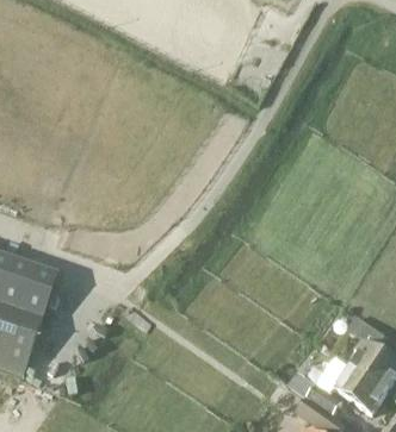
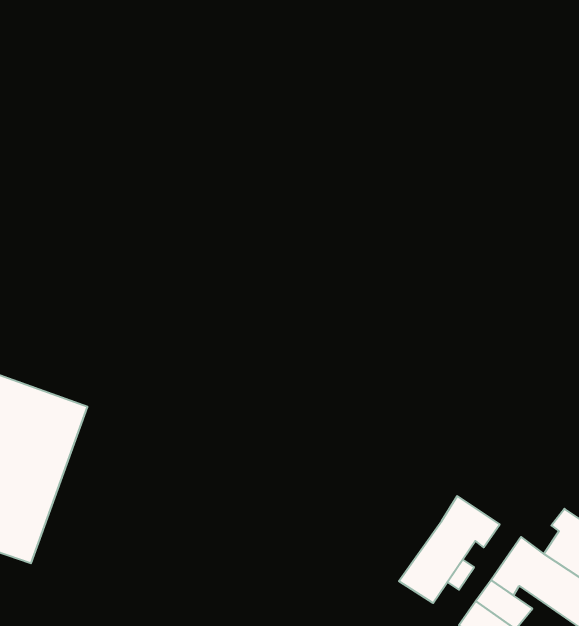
building: none -> [399,496,500,603]

